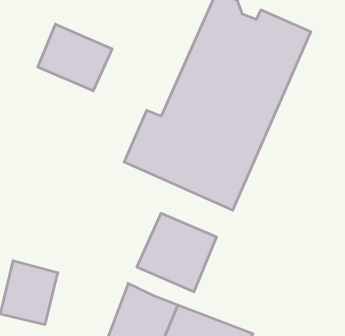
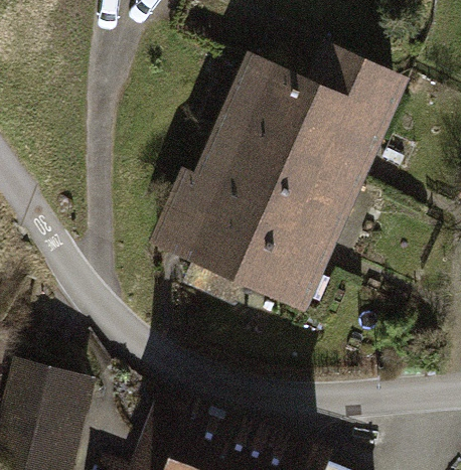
building: [38,24,112,91] -> none
building: [137,213,217,292] -> none

